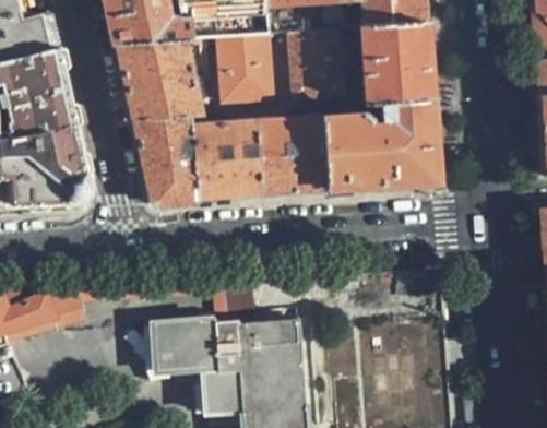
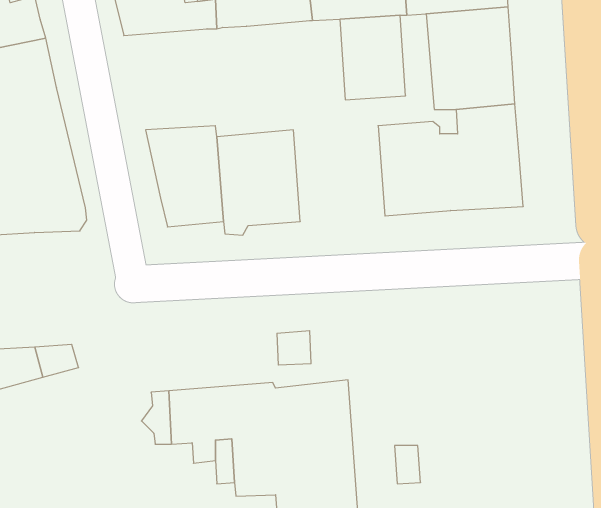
building: [215,32,271,99] -> none
building: [117,38,200,119] -> none
building: [252,116,325,192] -> none

